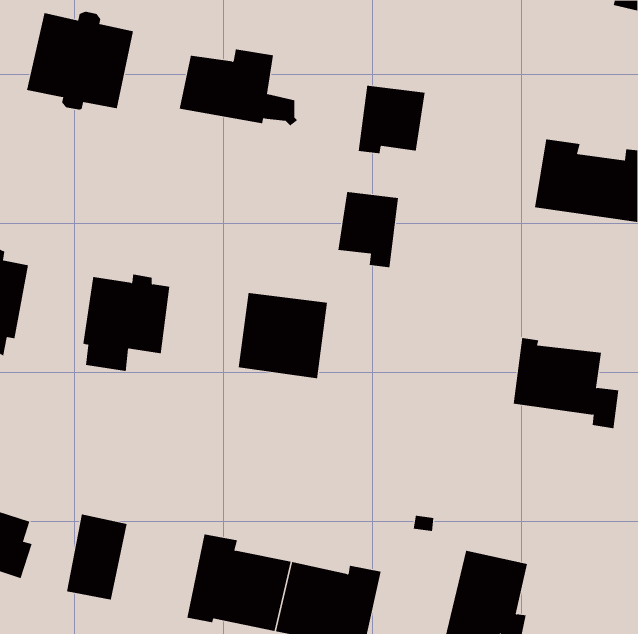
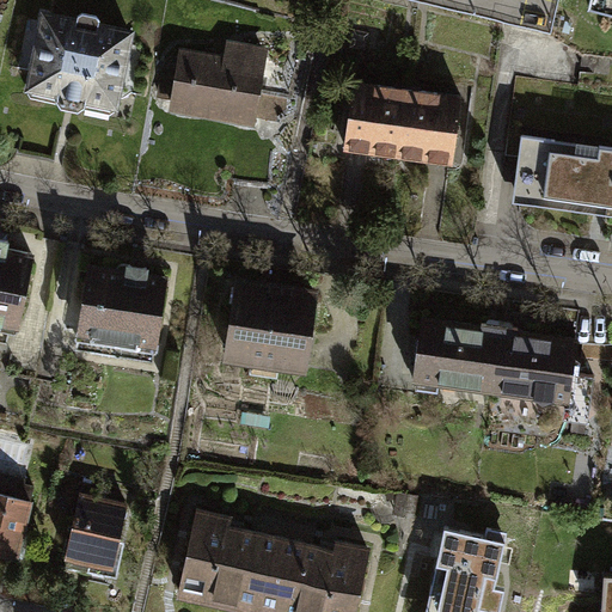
building: [338,191,399,268] -> [398,93,457,166]
building: none -> [415,322,498,391]

